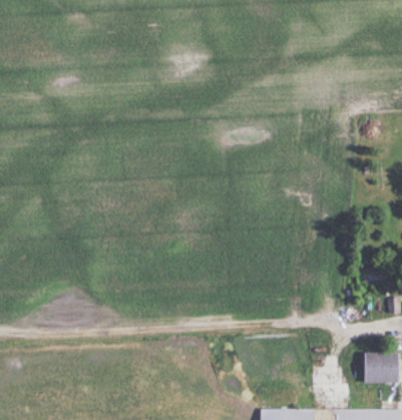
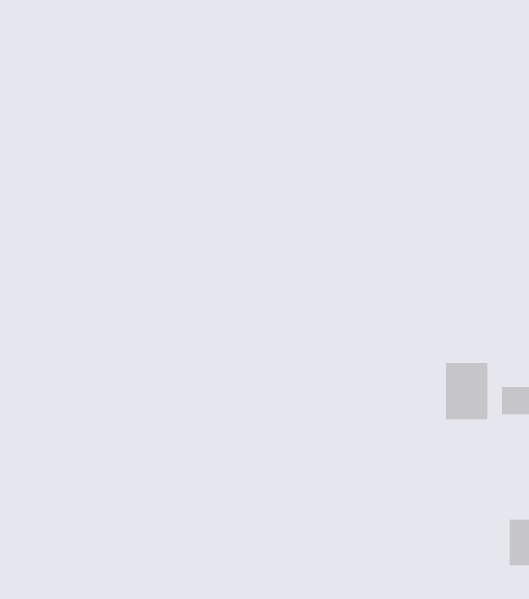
building: none -> [445,362,488,420]

